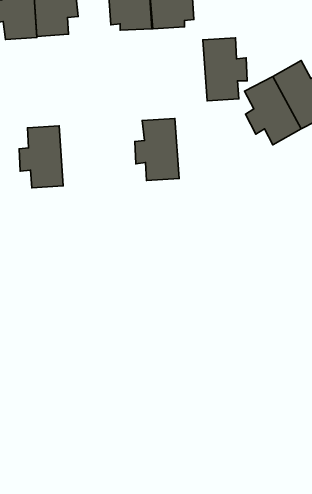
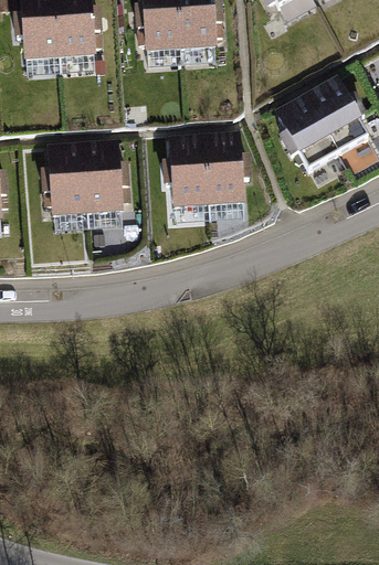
building: [203,38,247,101] -> [203,137,250,203]
building: none -> [82,146,129,211]

